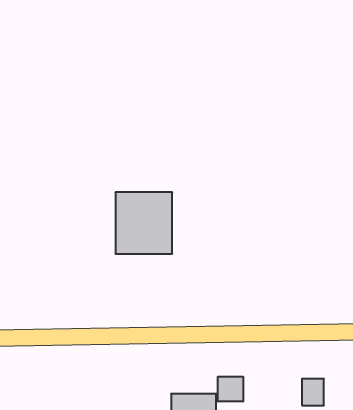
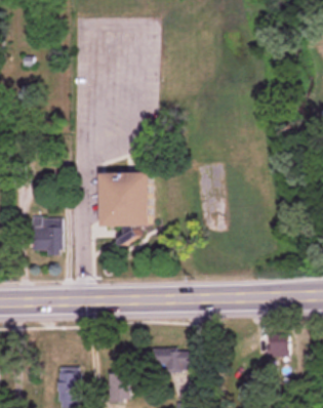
building: none -> [32,216,62,251]
building: [218,377,243,402] -> none

